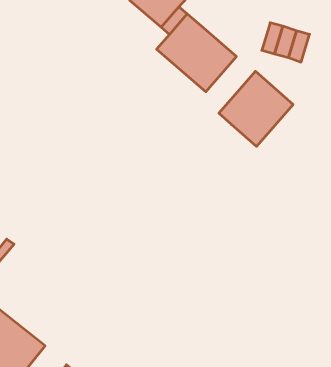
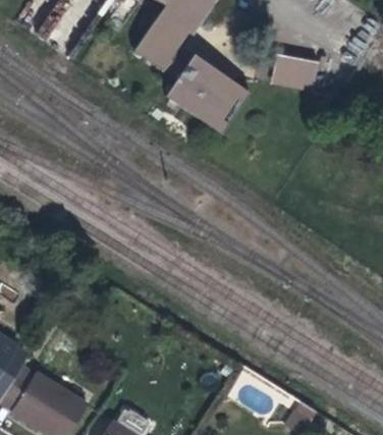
building: [219,71,293,146] -> none

